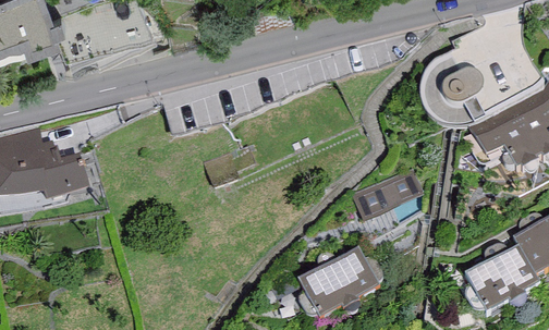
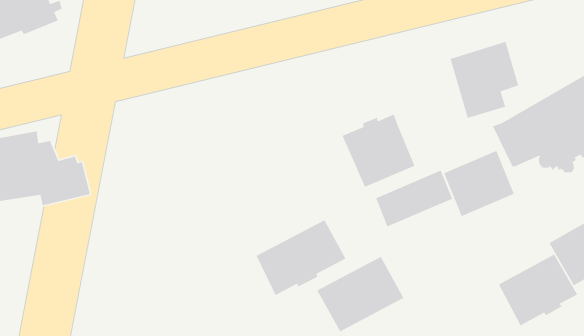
building: none -> [341,114,415,188]
building: none -> [443,150,515,217]
building: none -> [255,219,347,296]

